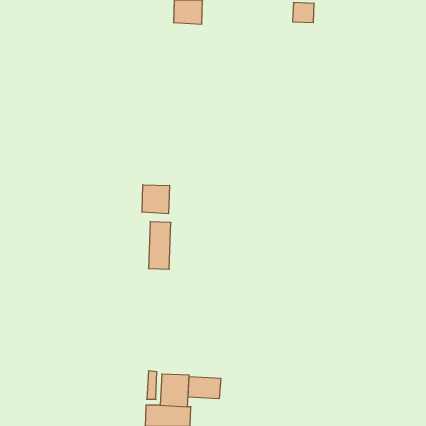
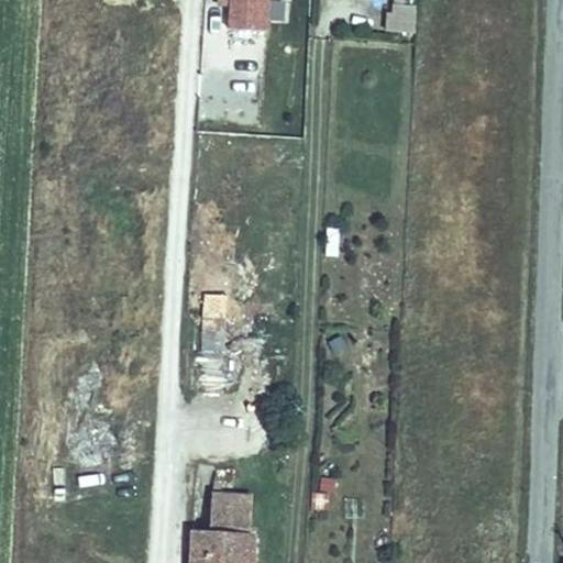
building: [142,185,170,214] -> none
building: [188,377,221,399] -> none

